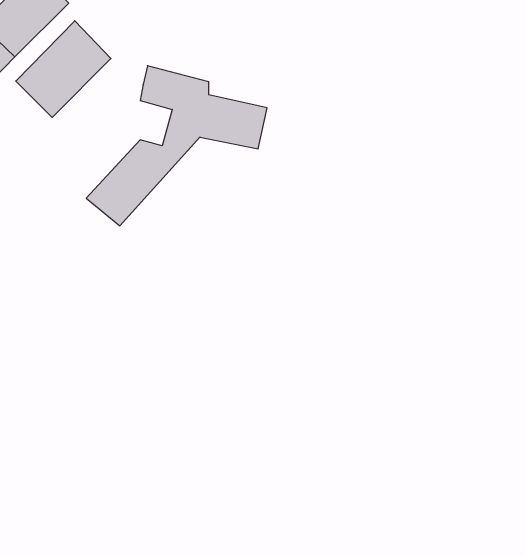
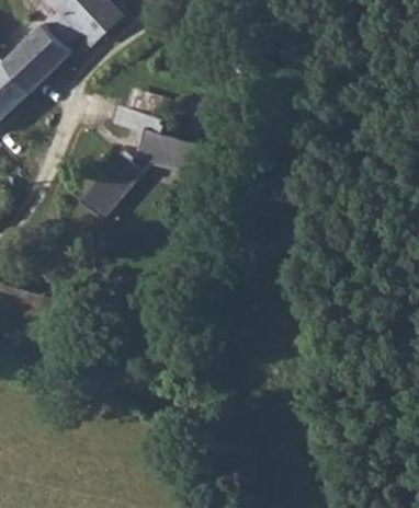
building: [16,21,111,117] -> none

